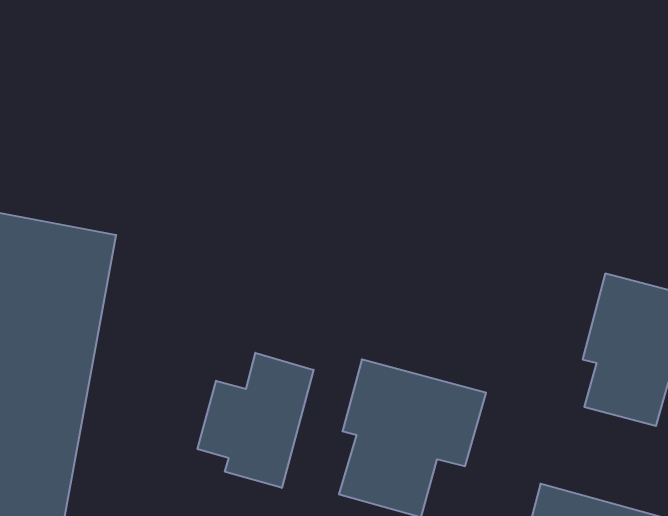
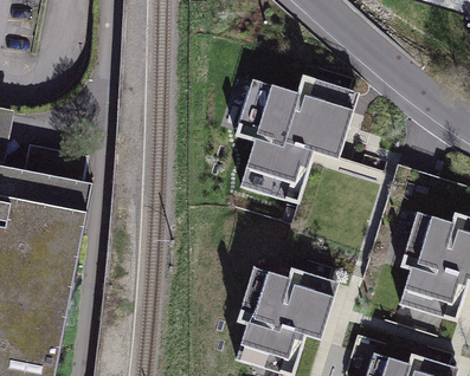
building: none -> [237,74,358,201]
building: [198,353,314,488] -> none

